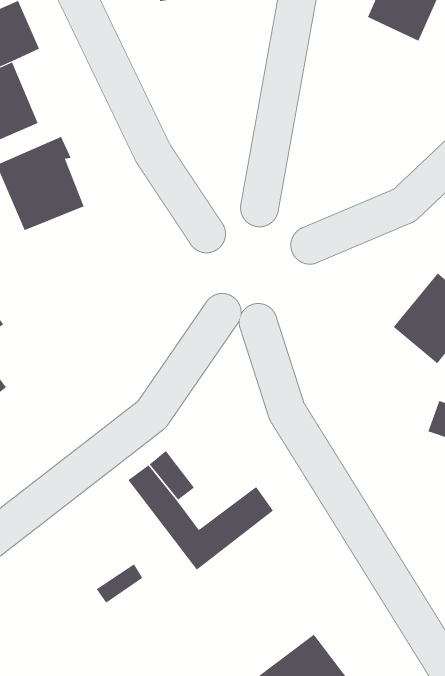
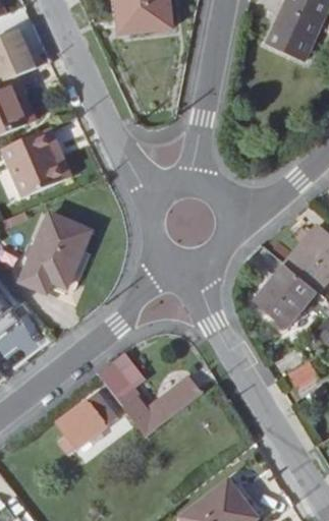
building: none -> [21,213,91,292]
building: none -> [255,264,316,326]
building: none -> [59,394,115,446]

